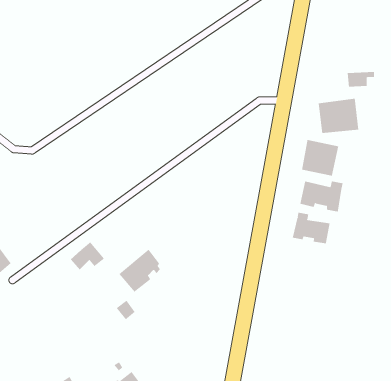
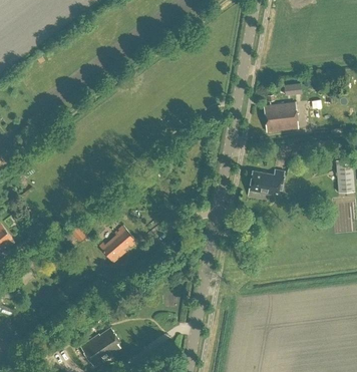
building: [302,139,339,177] -> none
building: [292,212,330,244] -> none

